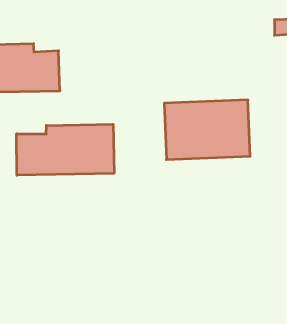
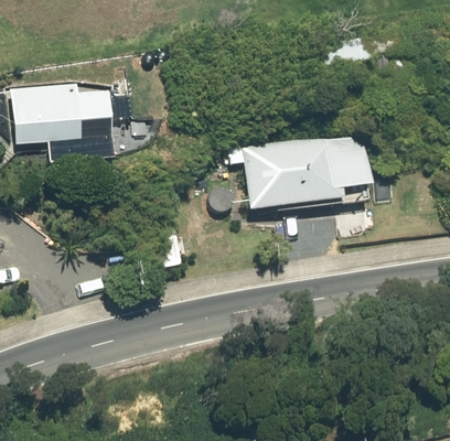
building: [17,124,114,175] -> none

